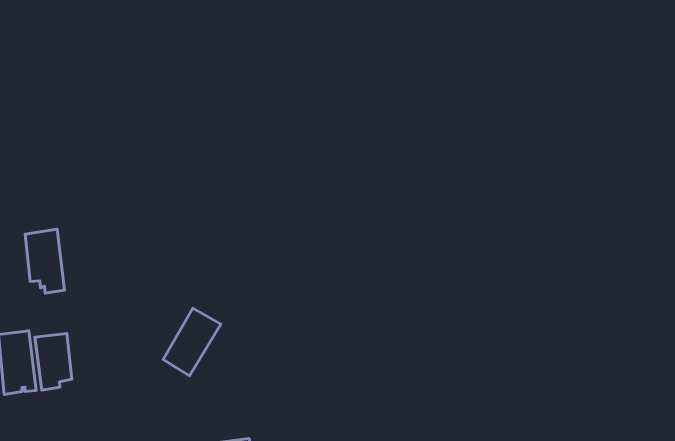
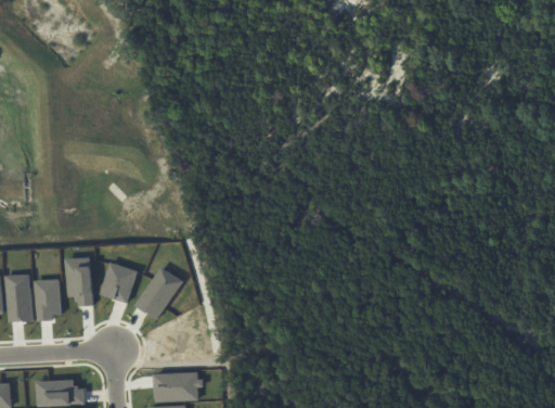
building: [25,229,65,293] -> [67,257,94,306]
building: none -> [101,262,138,303]

